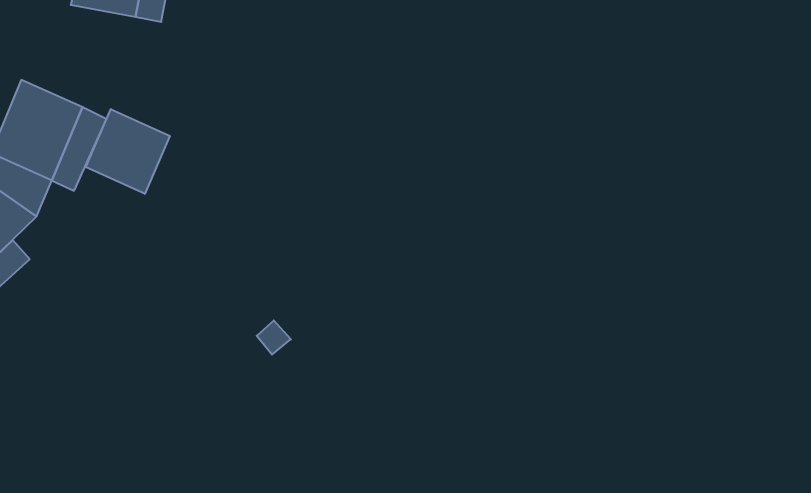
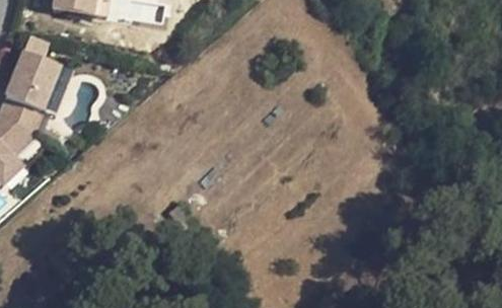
building: [86,109,170,194] -> none

